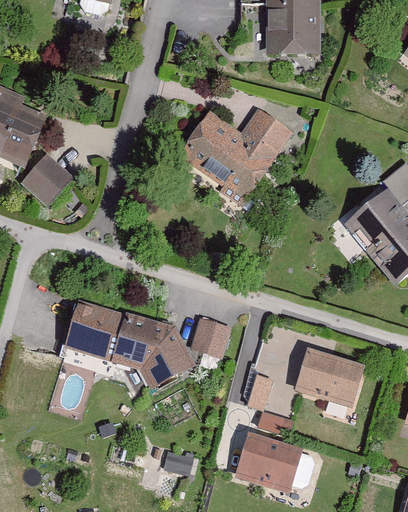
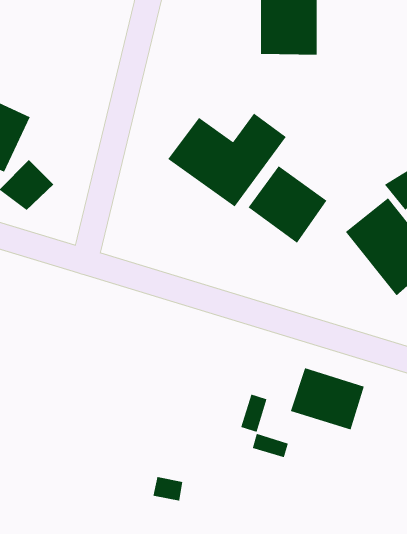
building: none -> [248,165,328,244]
building: [65,299,196,389] -> none
building: [190,313,229,353] -> none
building: [236,433,316,494] -> none

